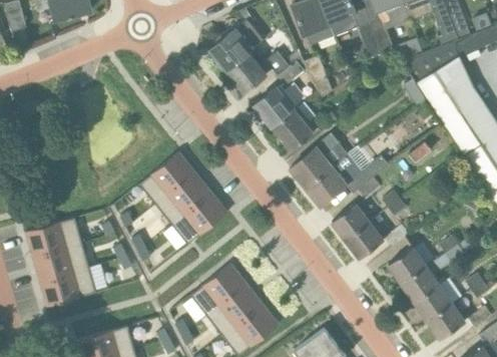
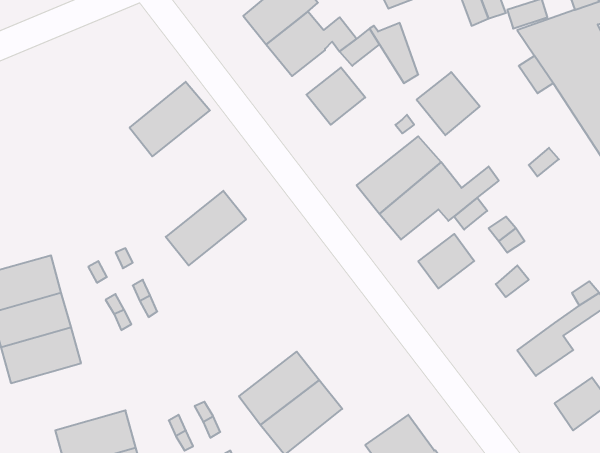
building: [271,106,315,150] -> [417,72,480,135]
building: [139,151,195,204] -> [130,82,210,156]
building: [171,192,227,244] -> none
building: [346,221,385,258] -> none
building: [388,246,427,283] -> none
building: [190,263,246,315] -> none
building: [414,283,453,320] -> none

